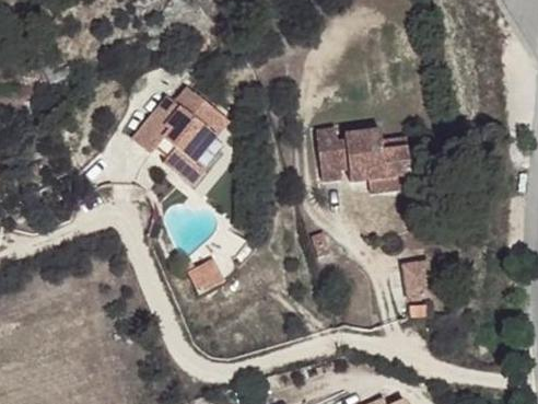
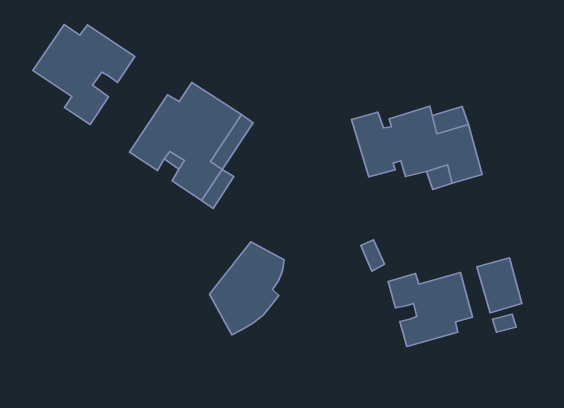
building: none -> [33,25,135,124]
building: none -> [388,273,472,346]

